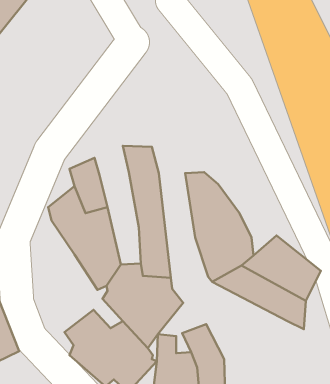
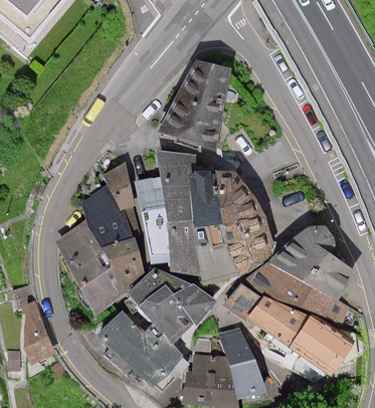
building: none -> [158,59,229,154]
building: none -> [132,173,173,265]
building: none -> [191,174,240,289]
building: none -> [58,221,130,320]
building: none -> [223,282,348,374]

